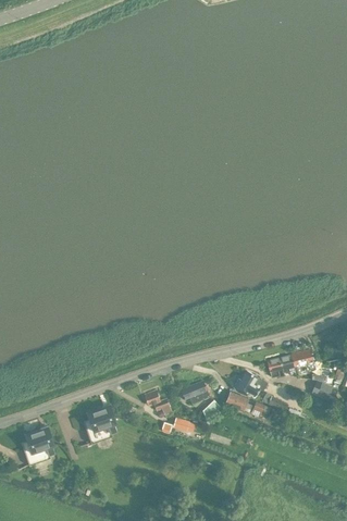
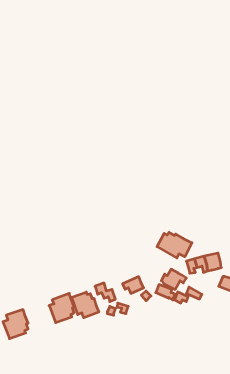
building: none -> [157,232,192,258]
building: none -> [72,292,99,318]

